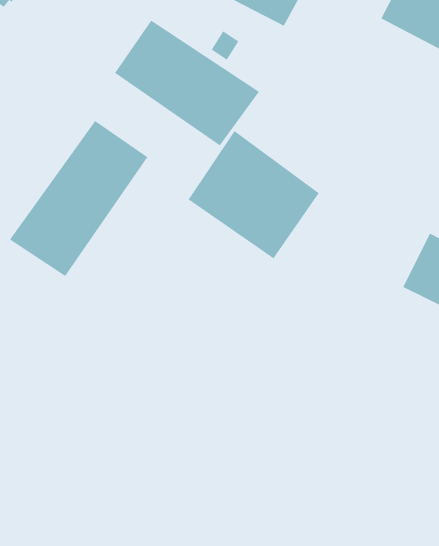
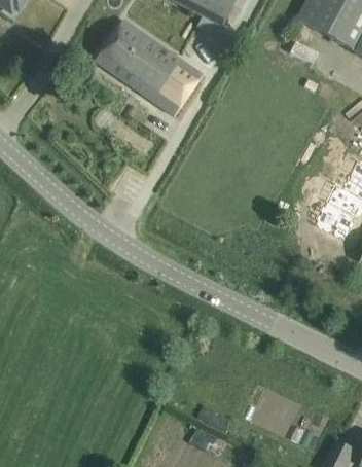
building: [9,120,148,277] -> none
building: [188,130,319,259] -> none

